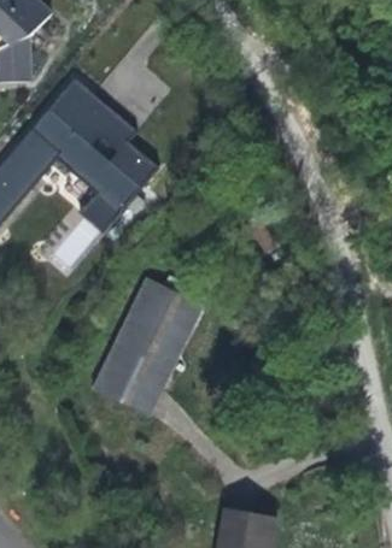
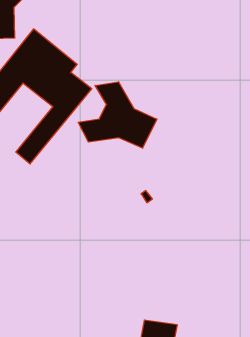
building: none -> [78,82,157,148]
building: [94,279,201,416] -> none

